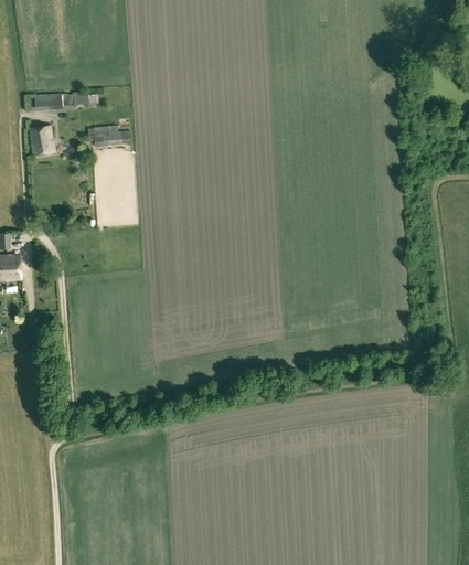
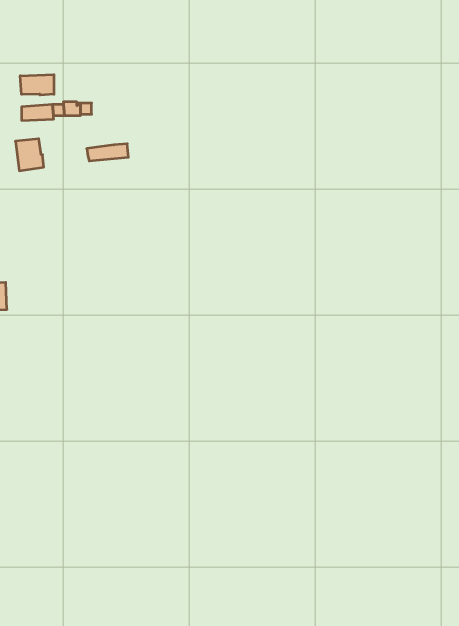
building: none -> [20,75,54,95]

